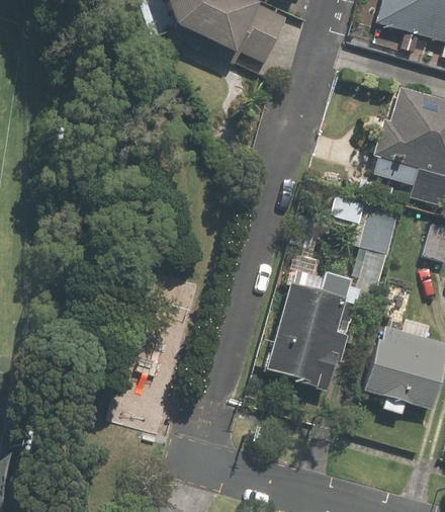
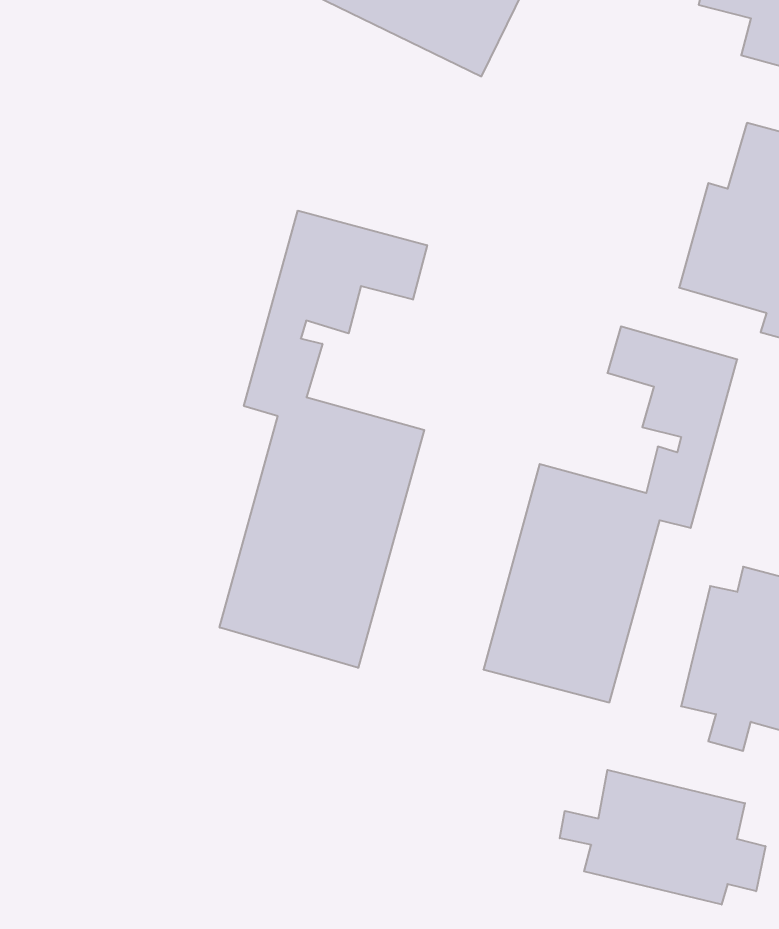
building: none -> [220,211,427,668]
building: none -> [560,770,765,905]

